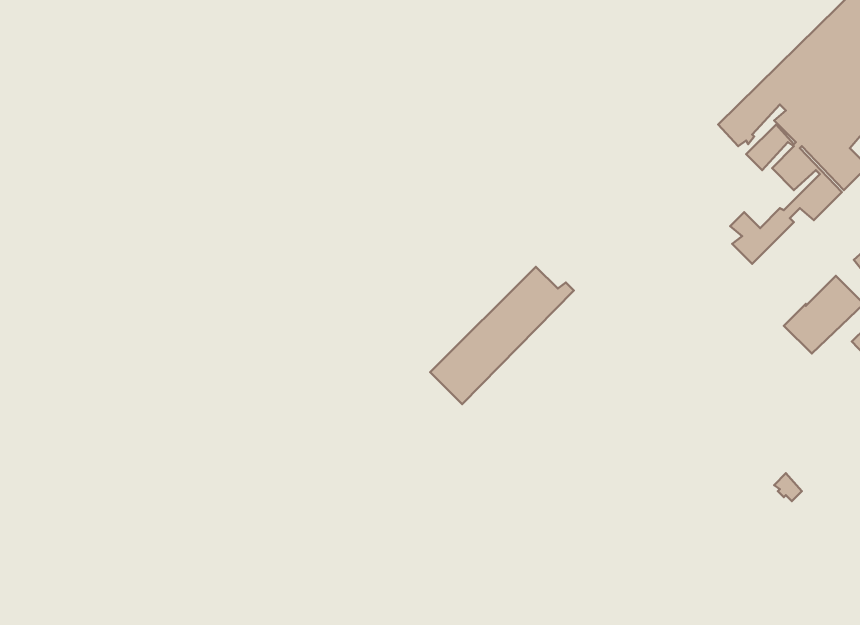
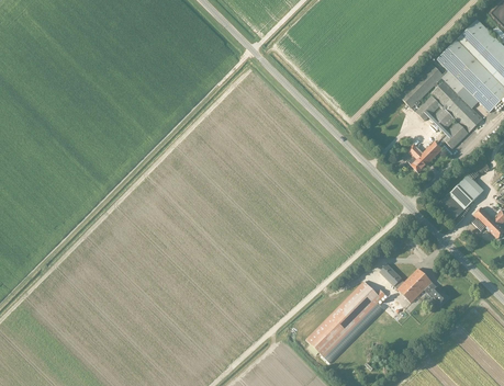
building: [430,267,574,404] -> [306,281,385,356]
building: none -> [380,263,432,303]

